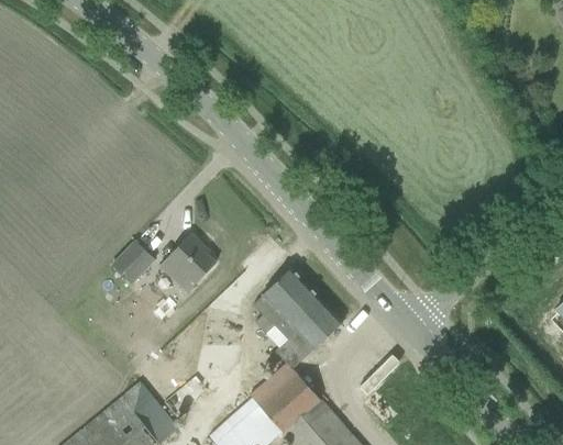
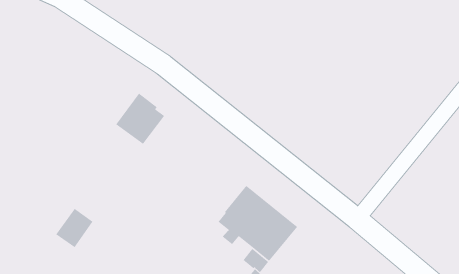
building: [159,232,217,291] -> [115,92,165,145]
building: [110,238,155,283] -> [55,208,93,248]

